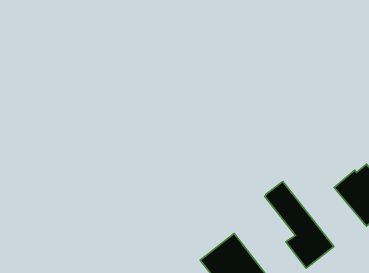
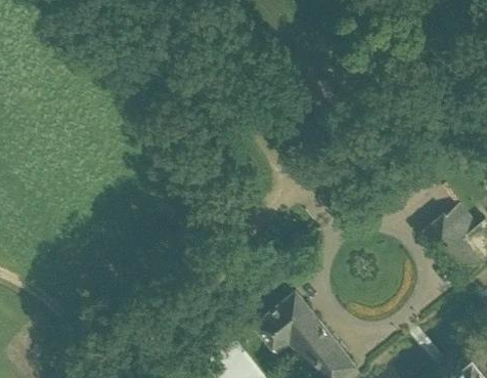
building: [265,181,334,268] -> none

